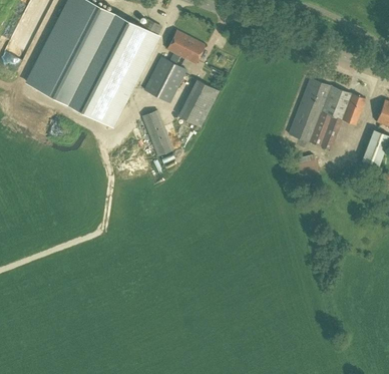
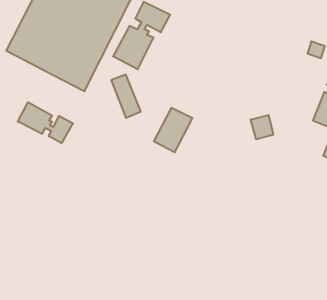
building: [288,77,364,149] -> none
building: [176,79,219,127] -> [154,108,192,152]
building: none -> [18,102,73,143]

